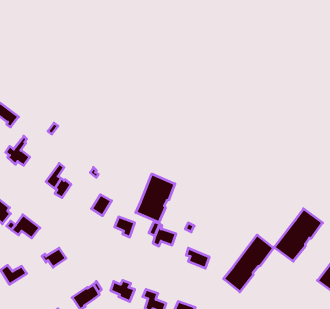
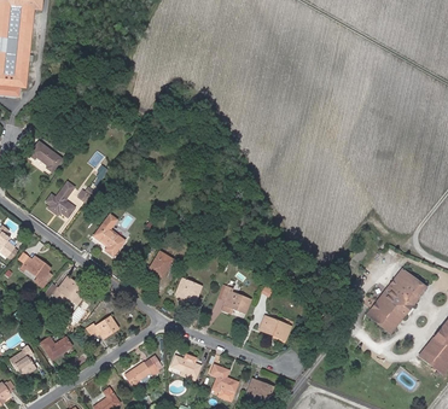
building: [136,174,175,223] -> none
building: [224,235,273,292] -> none

